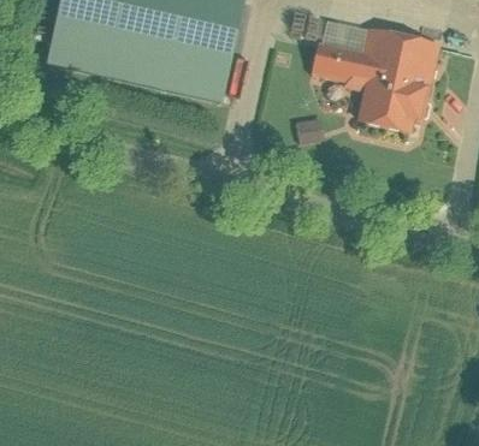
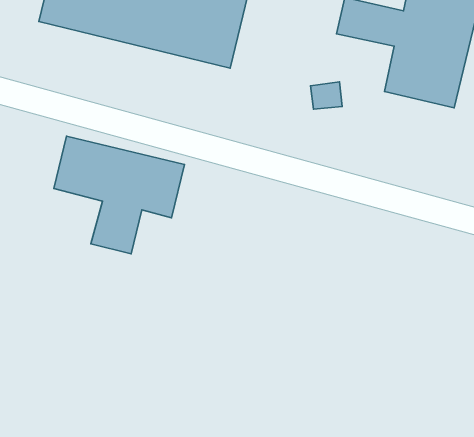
building: none -> [54,136,185,254]

